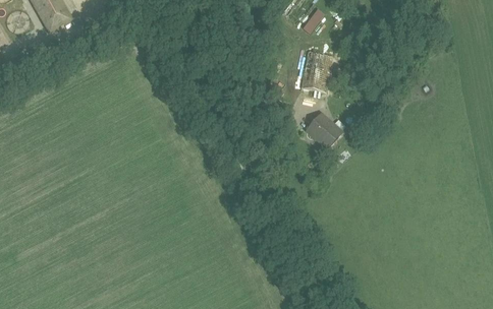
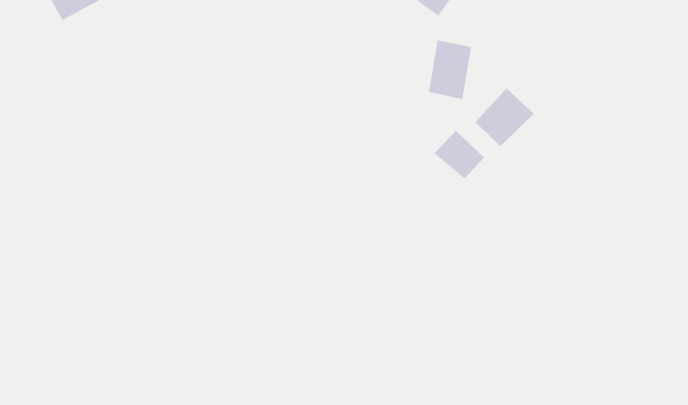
building: none -> [474,88,534,147]

